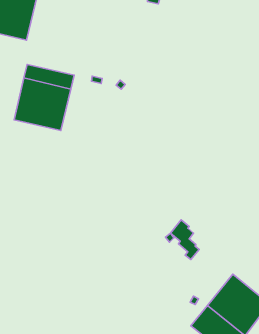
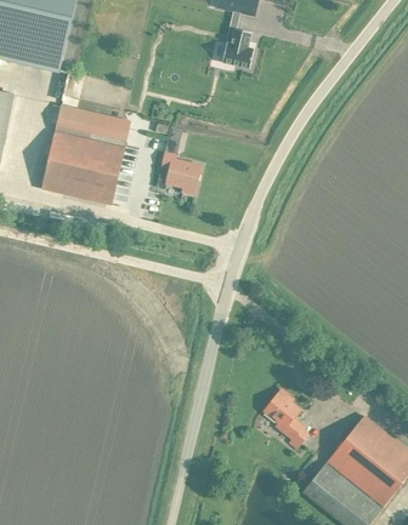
building: none -> [222,29,254,68]
building: none -> [161,152,200,195]
building: [170,220,199,259] -> [265,390,307,449]

